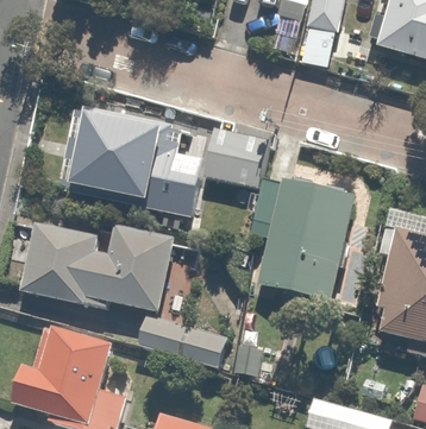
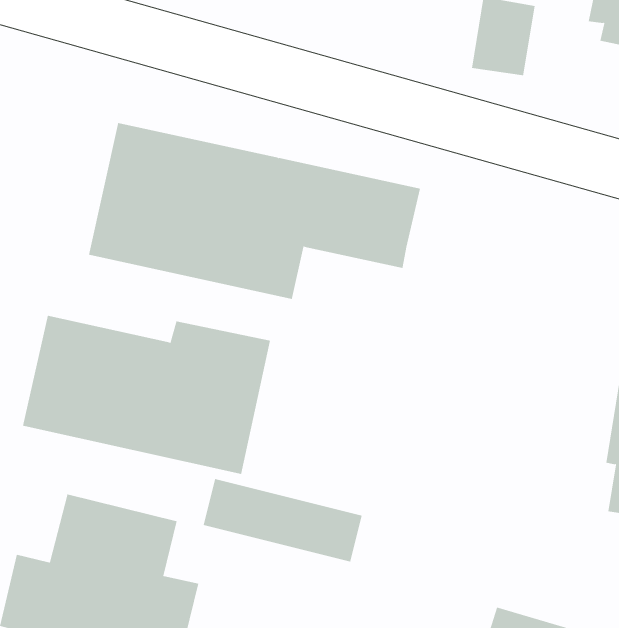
building: [249,176,352,308] -> none

